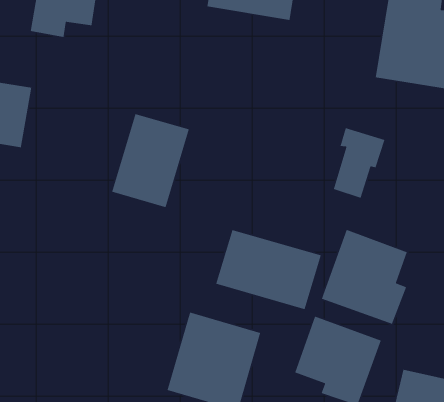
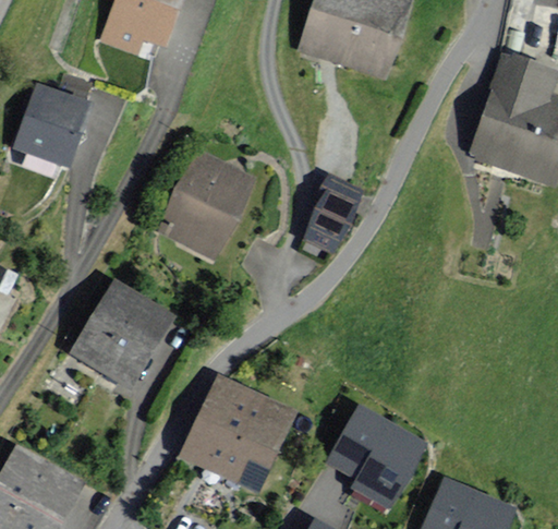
building: [333,127,385,199] -> [302,172,368,253]
building: [321,229,408,325] -> none
building: [215,229,322,310] -> none
building: none -> [70,279,174,388]

